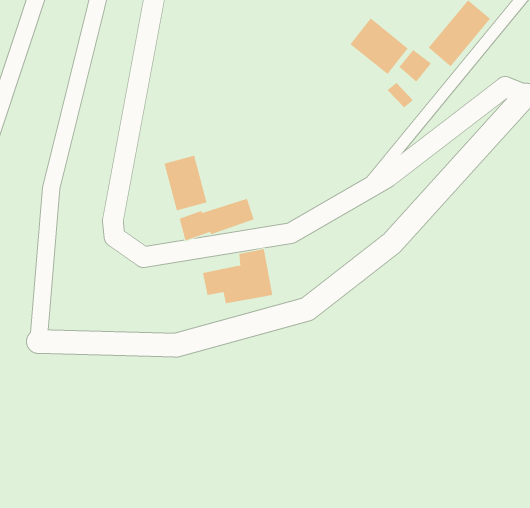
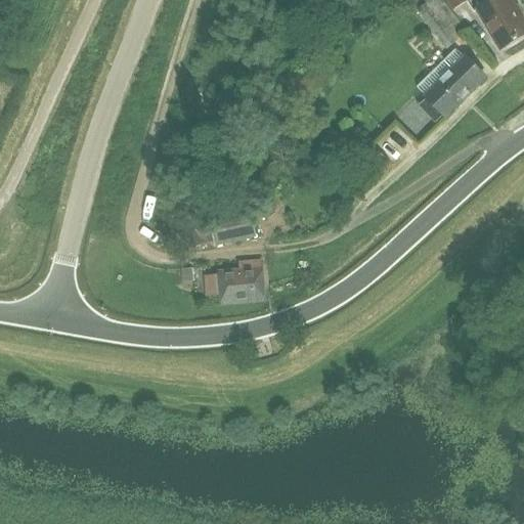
building: [350,18,409,75] -> none
building: [164,155,207,211] -> none

